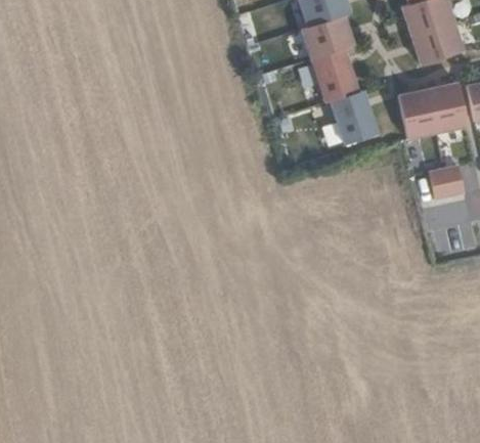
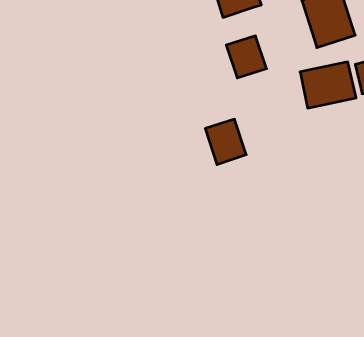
building: [299,14,355,61] -> none
building: [330,91,380,146] -> [205,119,246,165]
building: [429,165,465,198] -> none

